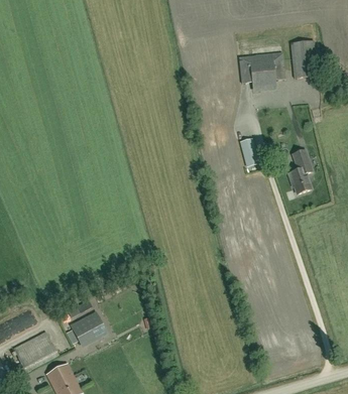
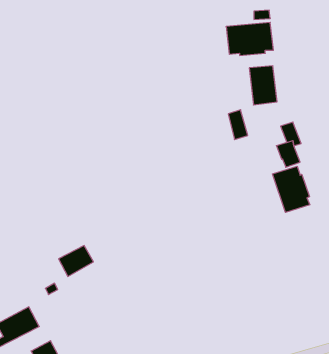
building: [291,40,318,79] -> [249,66,277,105]
building: none -> [273,166,310,212]
building: [71,312,105,343] -> [59,246,93,276]

